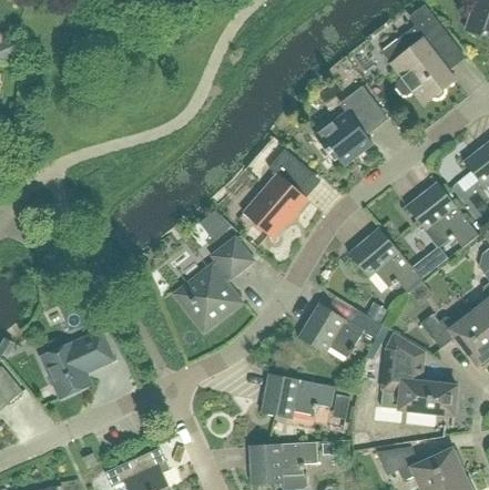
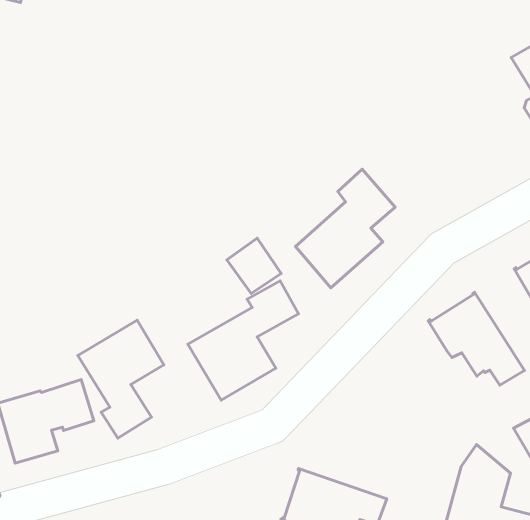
building: [314,85,385,165] -> none
building: none -> [78,320,164,438]
building: [297,302,383,356] -> none

